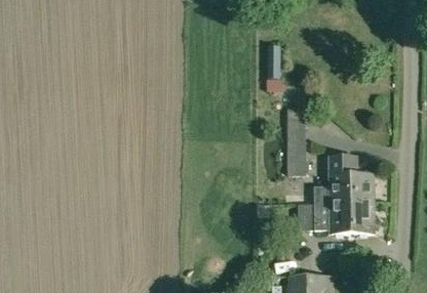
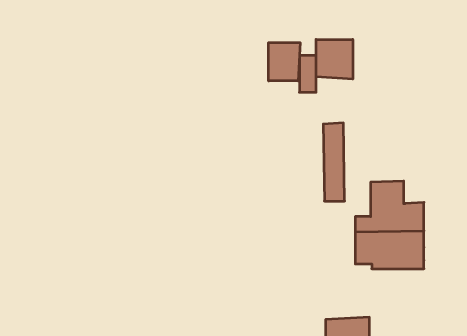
building: none -> [316,39,353,79]
building: none -> [269,43,300,81]

